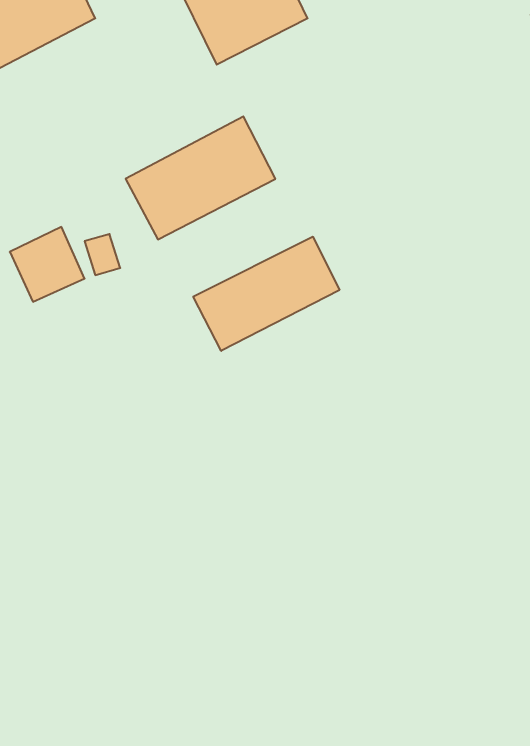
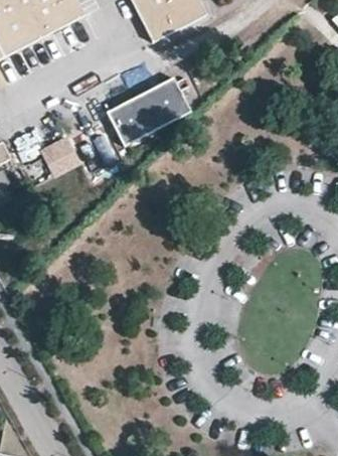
building: [193,237,339,351] -> none

